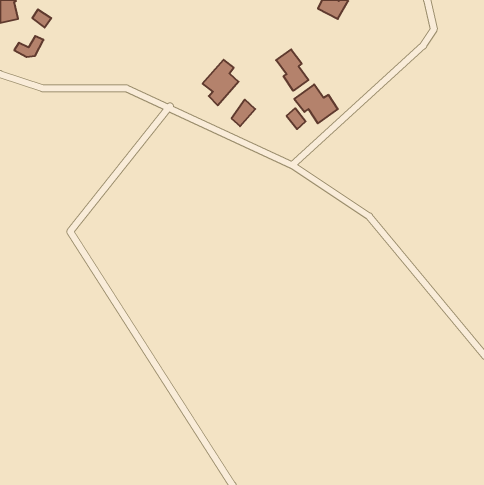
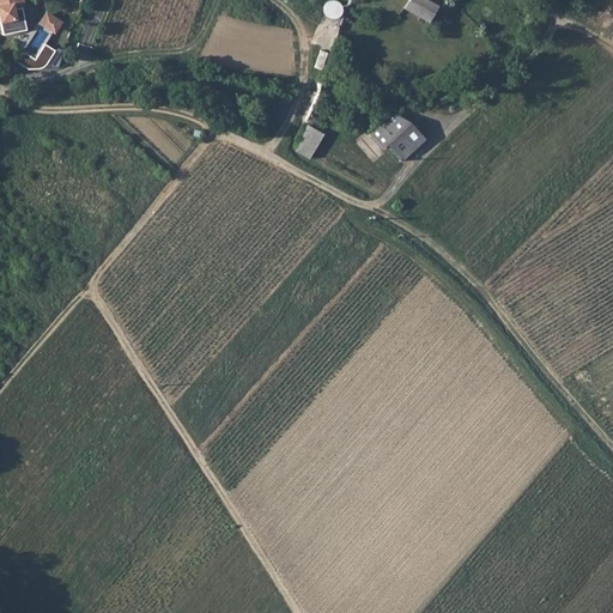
building: [276,49,308,91] -> none
building: [203,60,239,105] -> none

